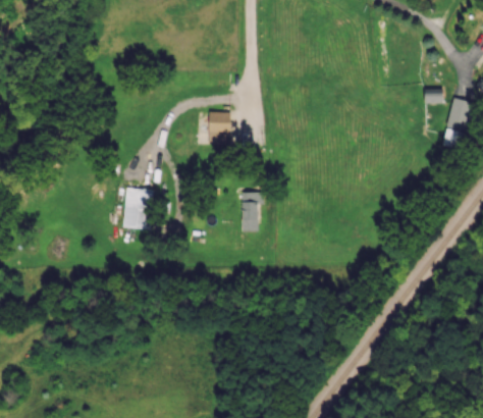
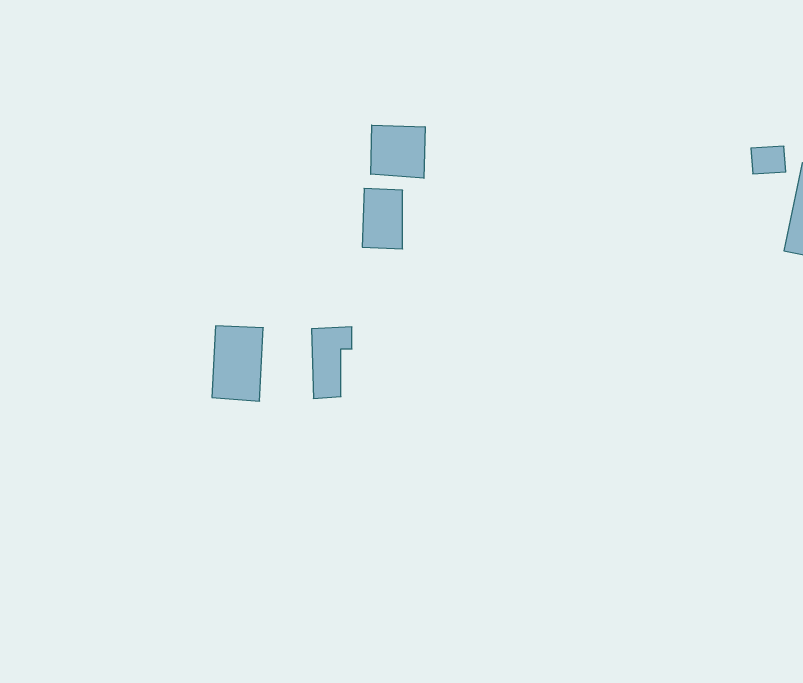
building: none -> [371,125,425,178]
building: [240,192,263,231] -> [312,327,352,398]

